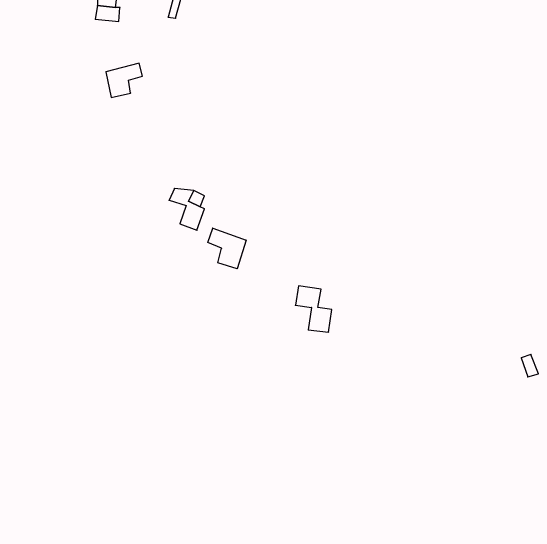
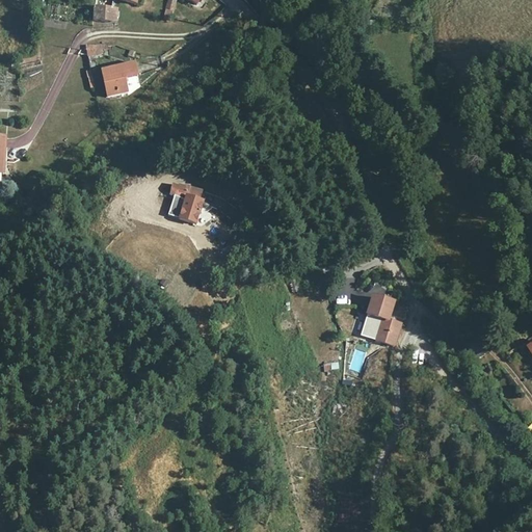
building: [208,228,246,269] -> none
building: [295,286,332,332] -> [358,290,394,335]

